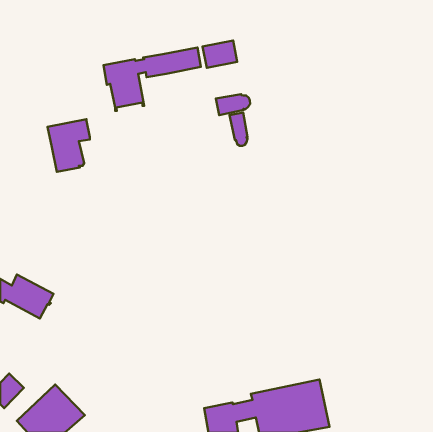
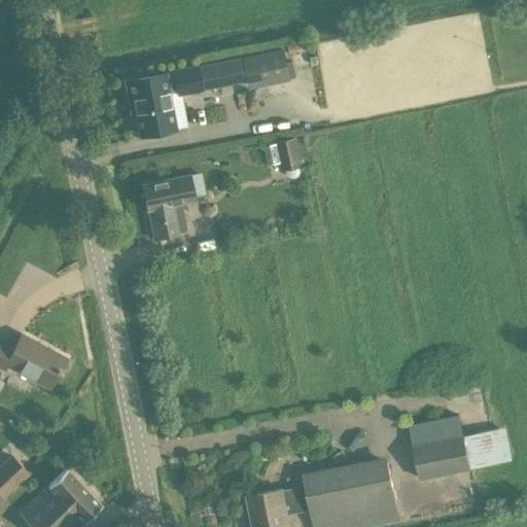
building: [216,94,250,115] -> none
building: [48,119,90,172] -> [142,175,194,239]
building: none -> [410,416,503,479]

